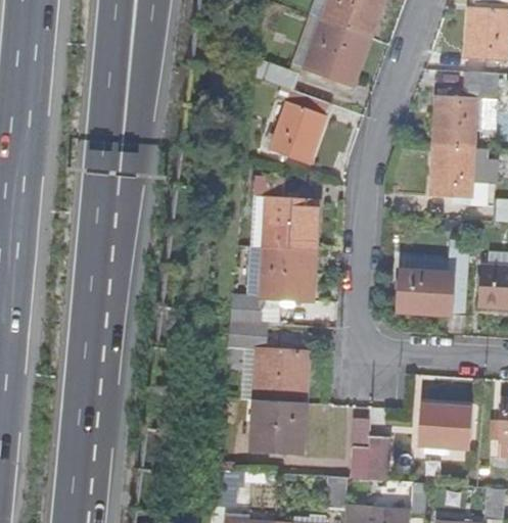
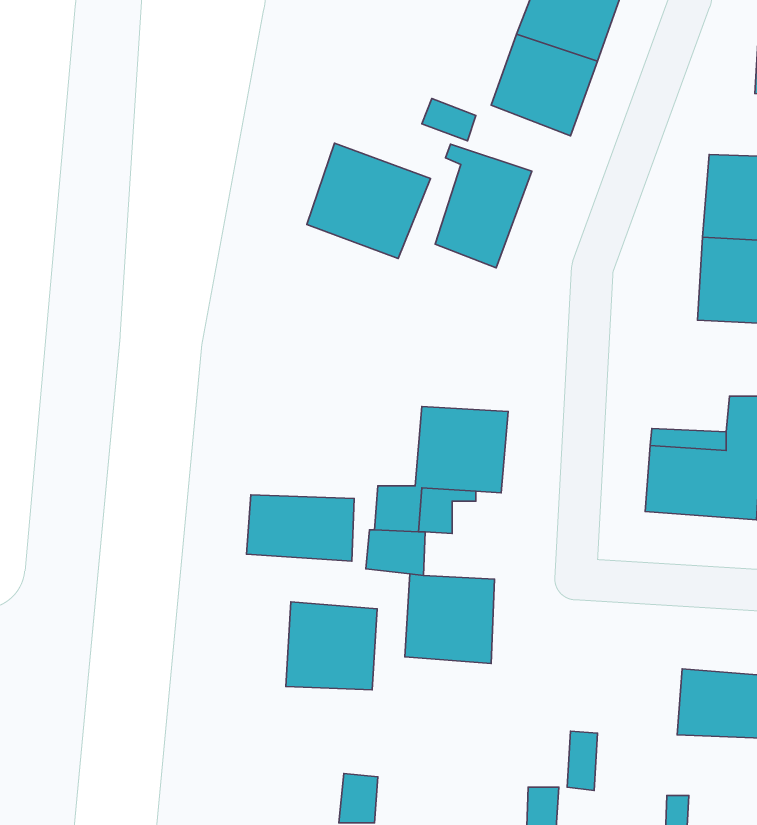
building: none -> [307,143,431,258]
building: [263,195,319,250] -> none
building: none -> [247,495,354,561]
building: [249,398,305,451] -> [286,602,377,690]
building: [367,436,392,480] -> none

